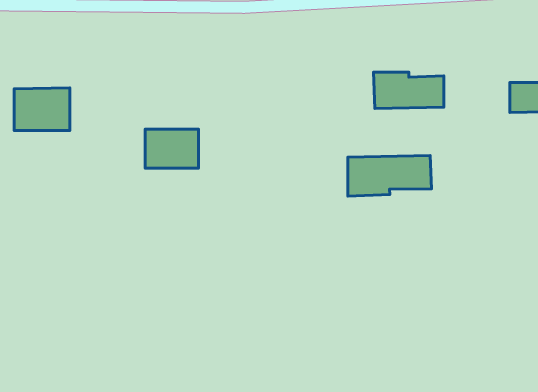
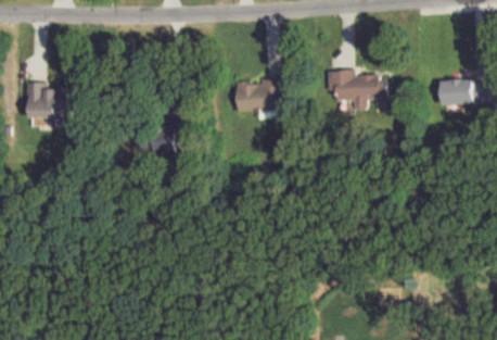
building: none -> [235,80,283,111]
building: [348,156,431,196] -> none

